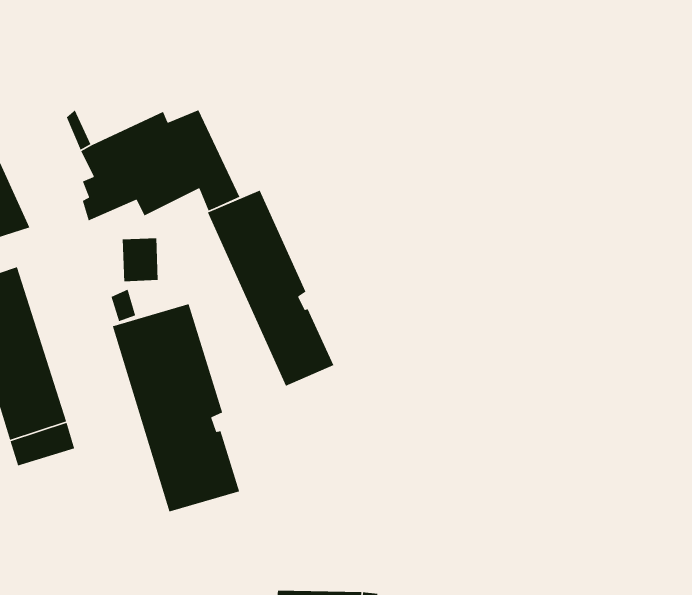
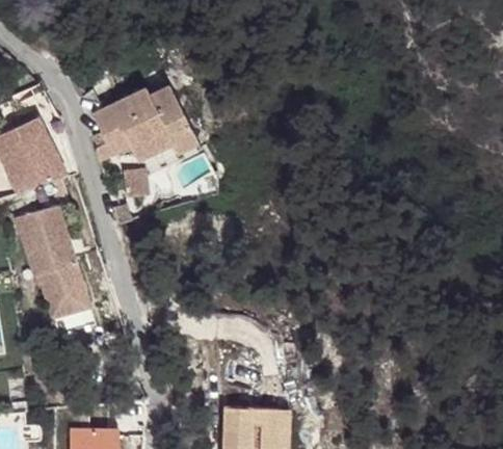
building: [207,189,334,387] -> none
building: [112,303,240,513] -> none

